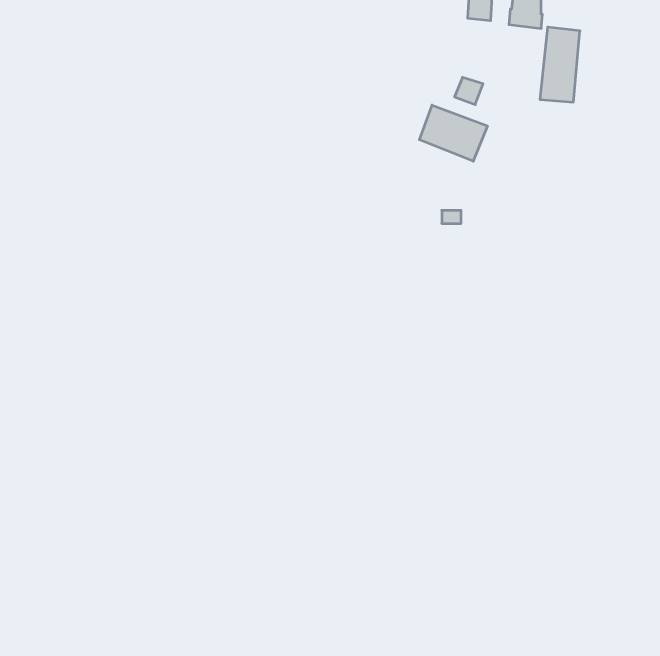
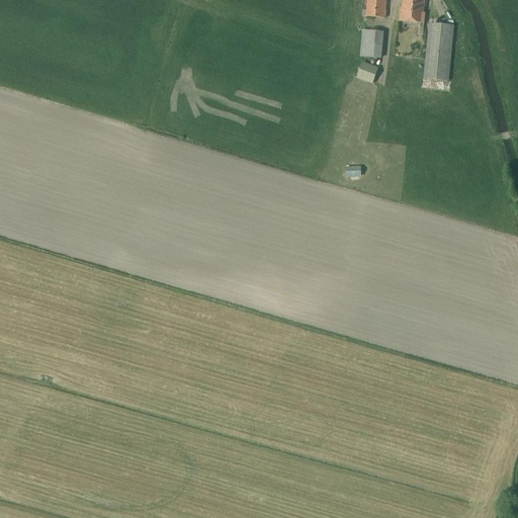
building: none -> [359,28,383,58]
building: [419,105,487,161] -> none

